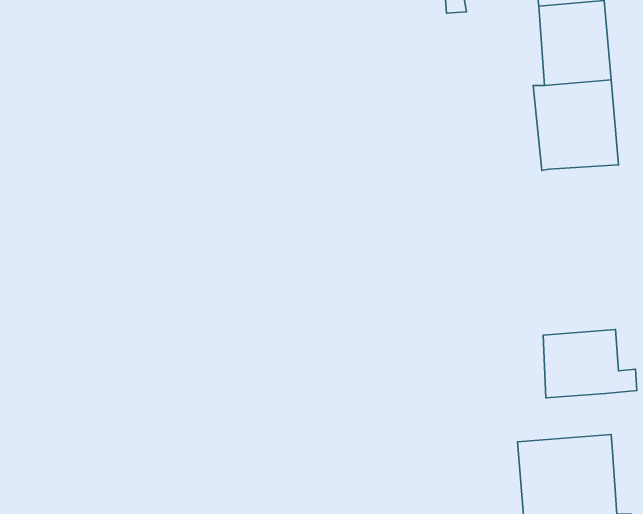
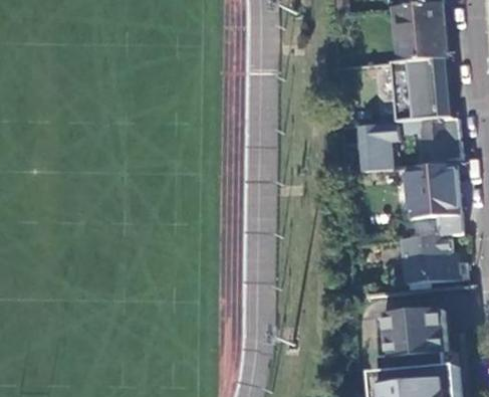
building: none -> [400,118,458,161]
building: none -> [355,123,395,171]
building: none -> [406,164,460,238]

